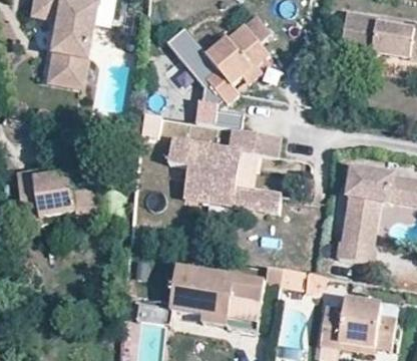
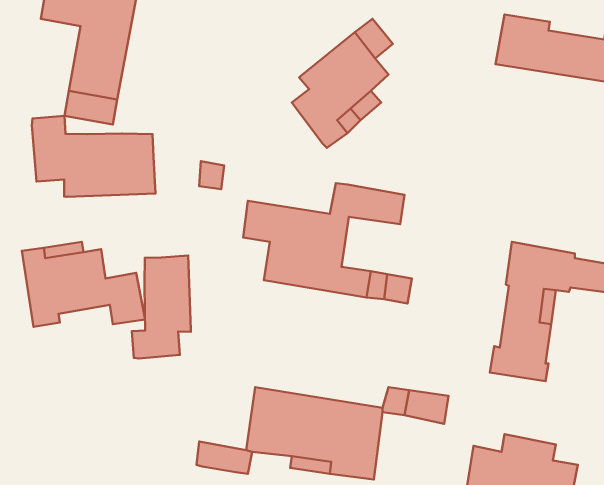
building: [165,25,243,127] -> none
building: none -> [32,116,156,197]
building: none -> [132,256,191,358]

